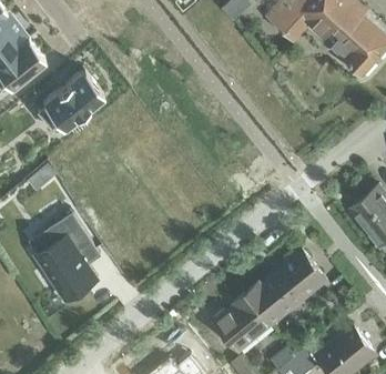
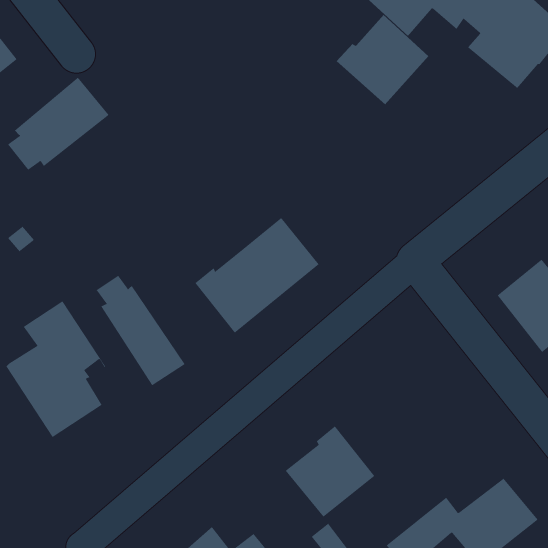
building: none -> [336,14,429,105]
building: none -> [96,275,185,386]
building: [246,251,326,325] -> [195,217,320,333]

